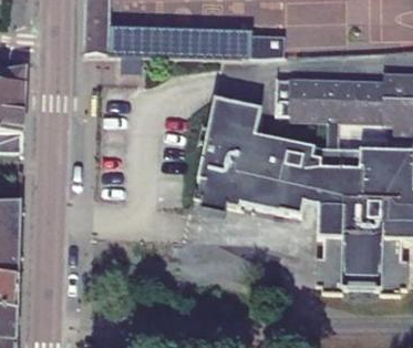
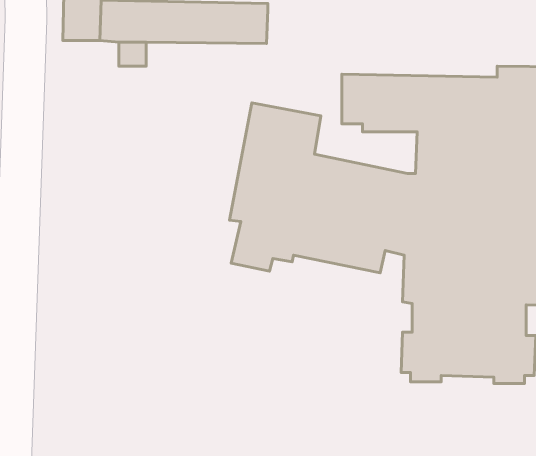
building: [221,32,285,57] -> none

